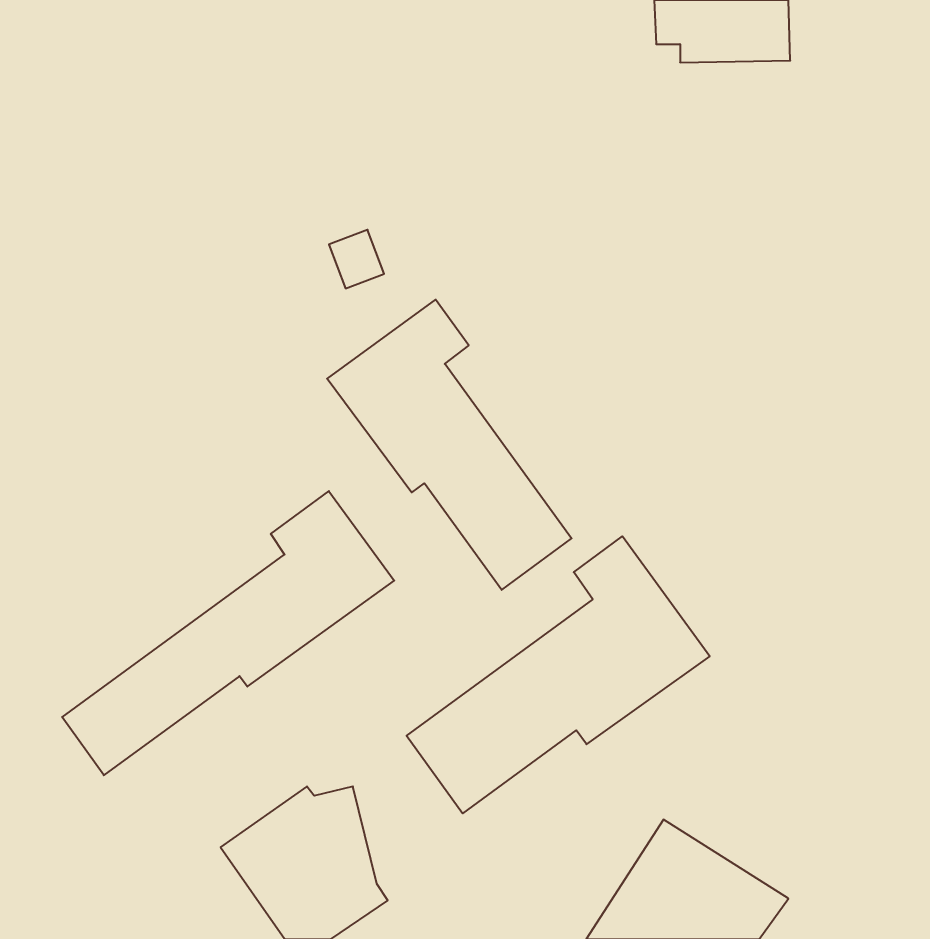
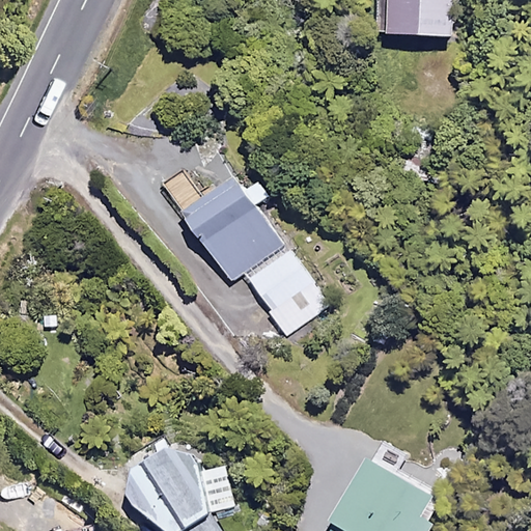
building: [62,491,394,775] -> none
building: [407,536,710,813] -> none

